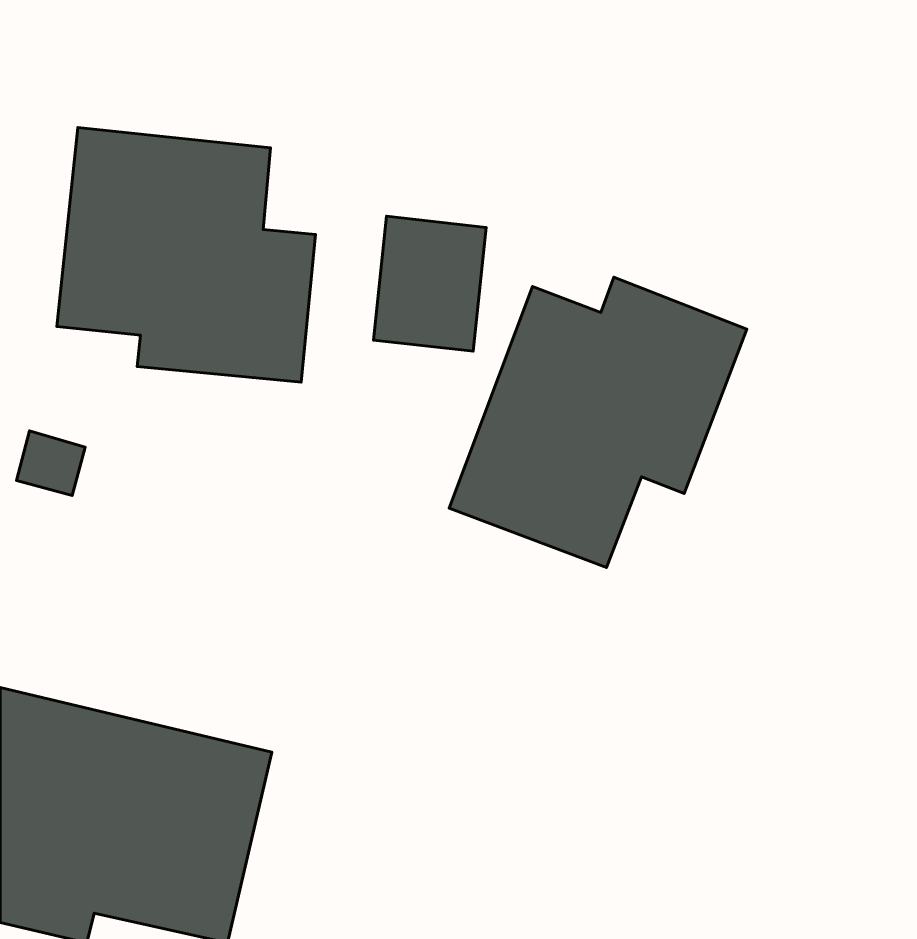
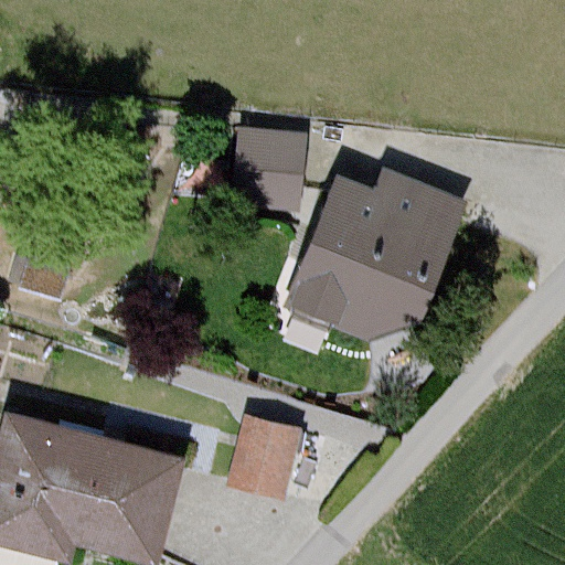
building: [57,128,316,382] -> none
building: none -> [232,418,303,503]

